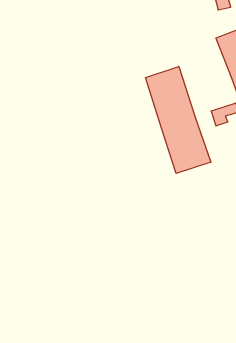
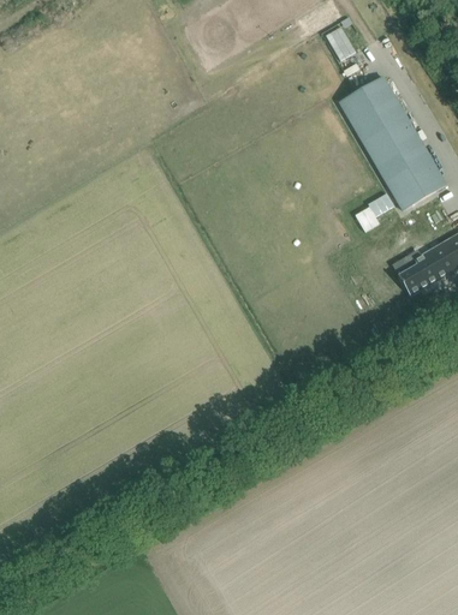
building: [145,66,211,173] -> none

